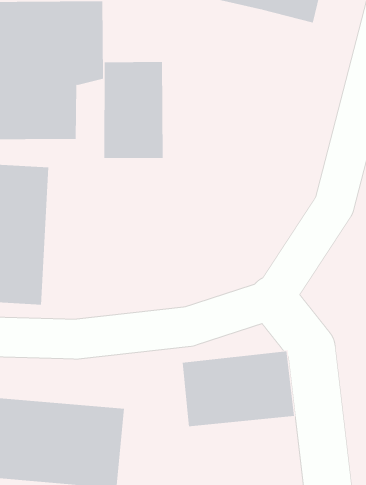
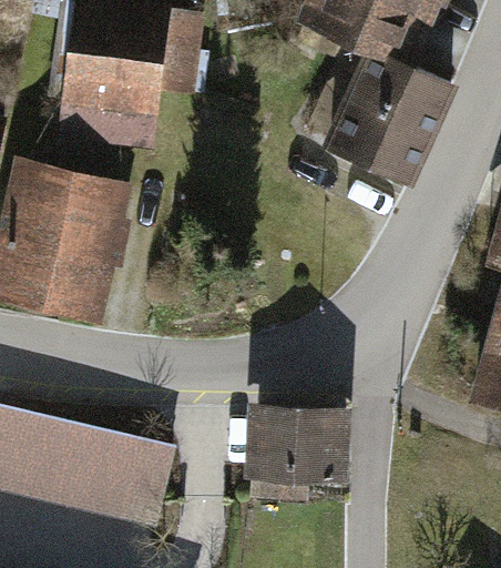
building: none -> [324,49,456,189]
building: [104,61,163,159] -> none

